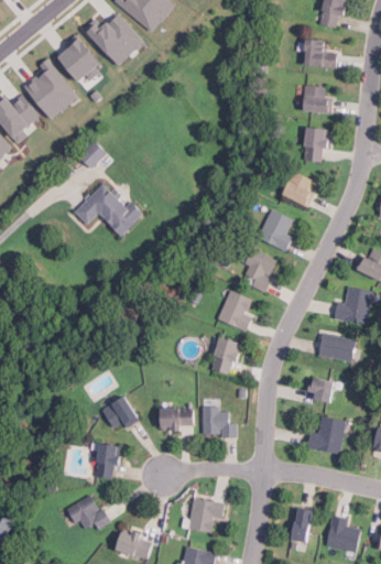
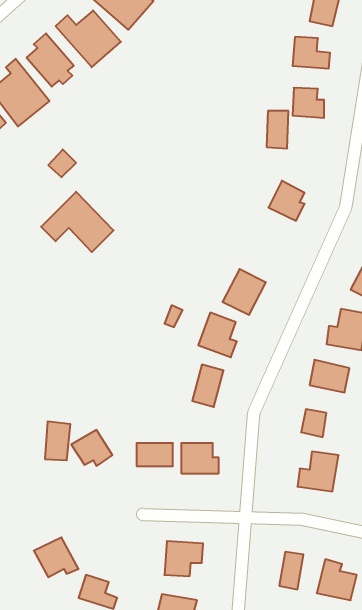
building: [305,127,325,161] -> [267,111,288,148]
building: [257,208,293,251] -> none
building: [96,443,119,478] -> [45,422,70,460]

